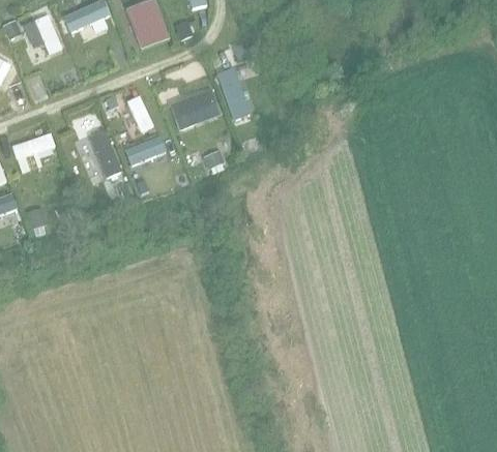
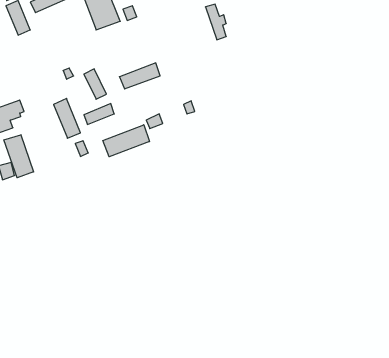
building: [220,76,244,118] -> [205,4,226,40]
building: none -> [103,125,149,157]
building: none -> [4,135,34,178]

